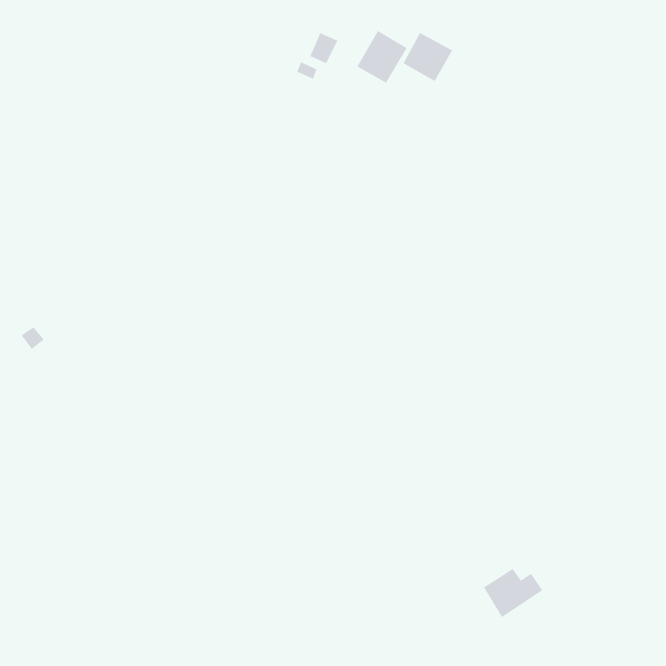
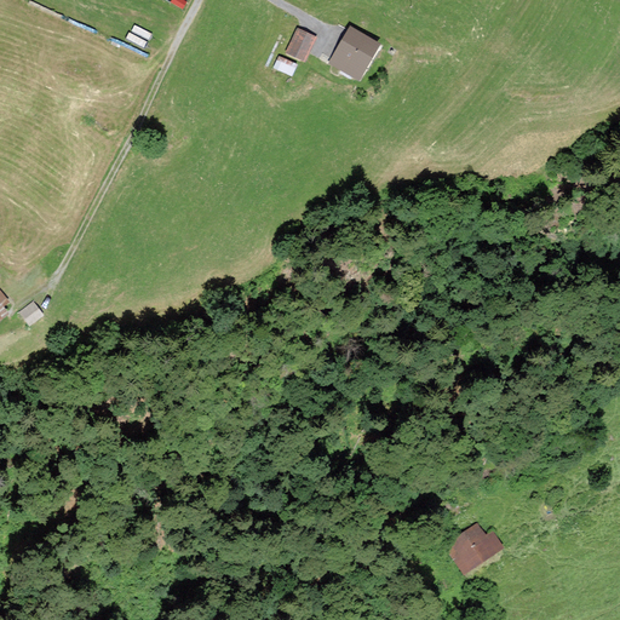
building: [403,32,453,82] -> none

